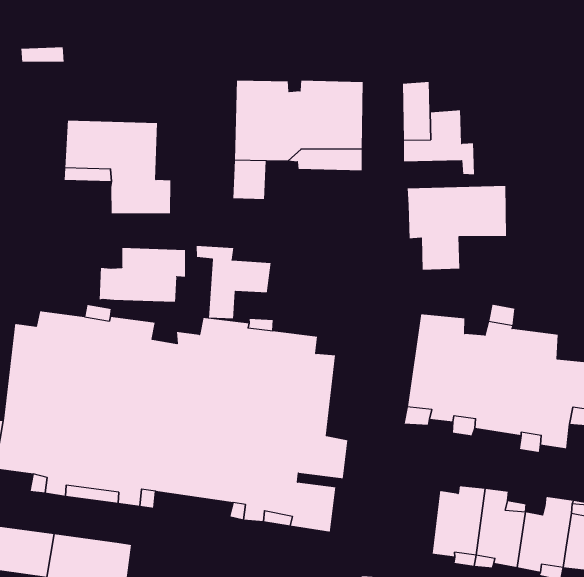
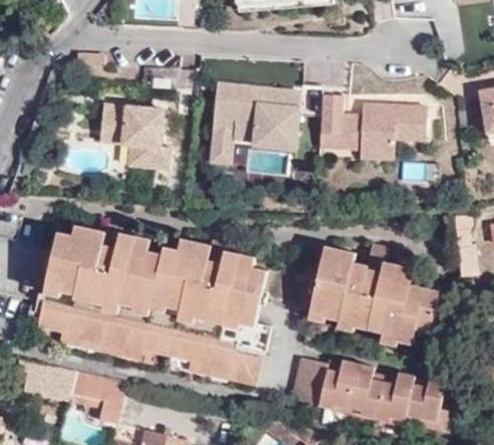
building: [407,186,507,270] -> [359,103,426,159]
building: [196,245,271,319] -> none
building: [99,247,186,302] -> none
building: none -> [292,357,328,404]

